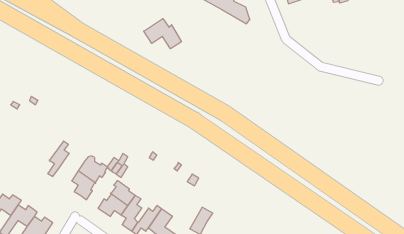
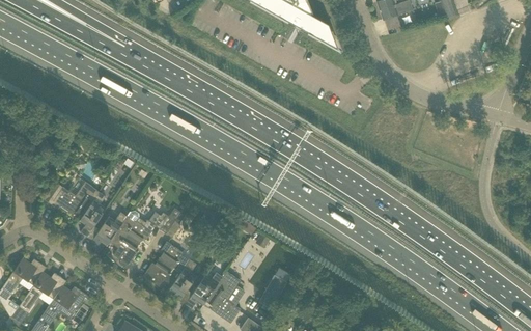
building: [144,19,181,49] -> none
building: none -> [43,183,99,216]
building: none -> [85,213,125,245]

